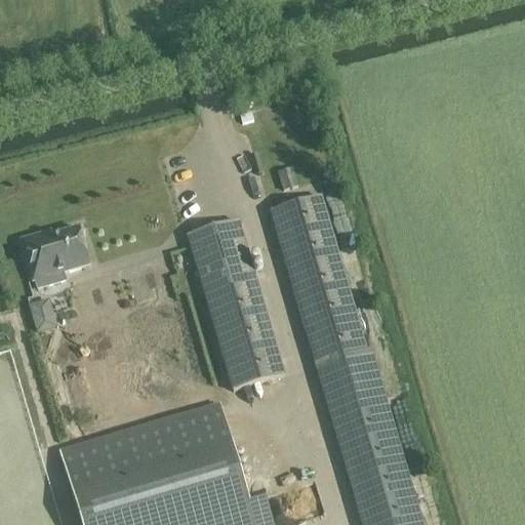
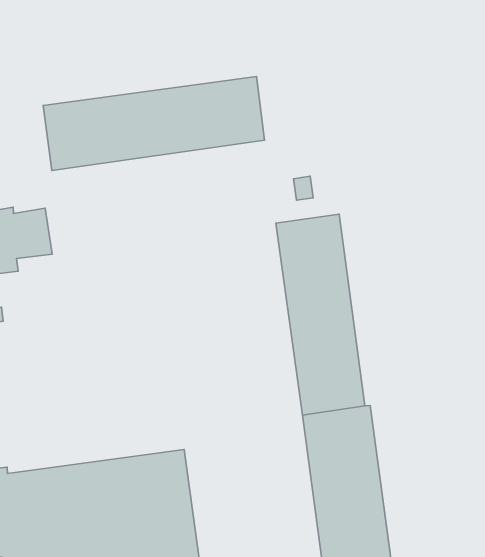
building: none -> [43,77,265,170]
building: [188,219,285,390] -> none

